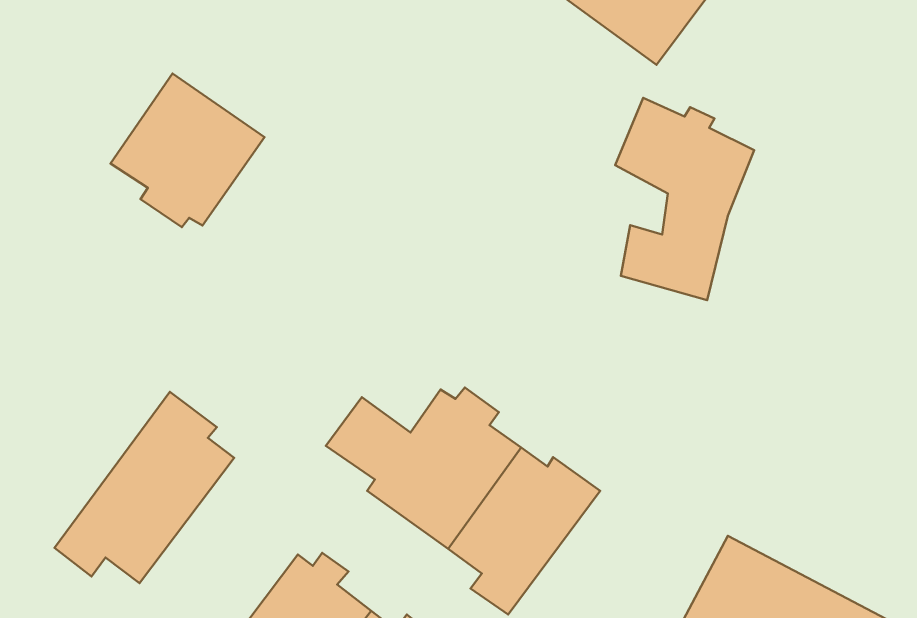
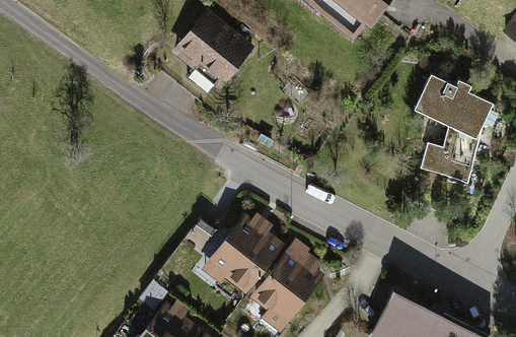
building: [110,73,264,227] -> [170,7,253,90]
building: [615,98,754,300] -> [419,73,494,183]
building: [55,392,234,583] -> none

